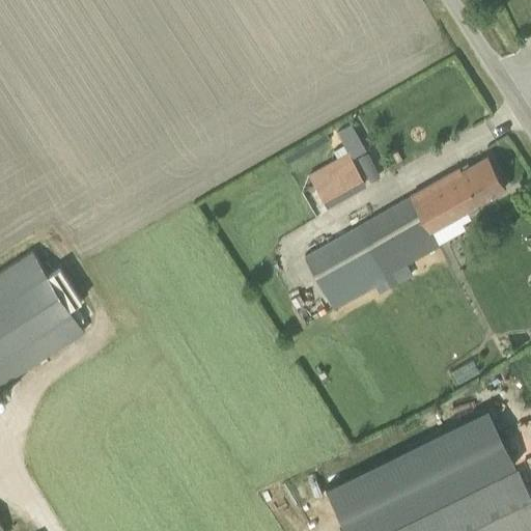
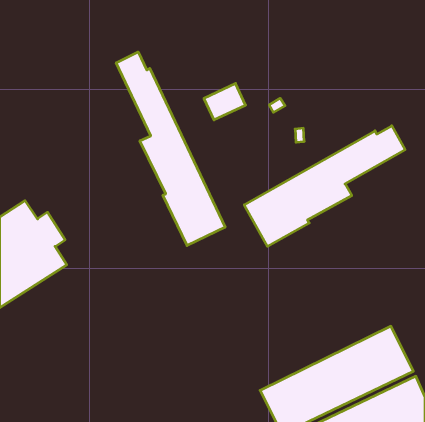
building: none -> [116,52,225,246]
building: [313,156,365,201] -> [204,83,246,120]

